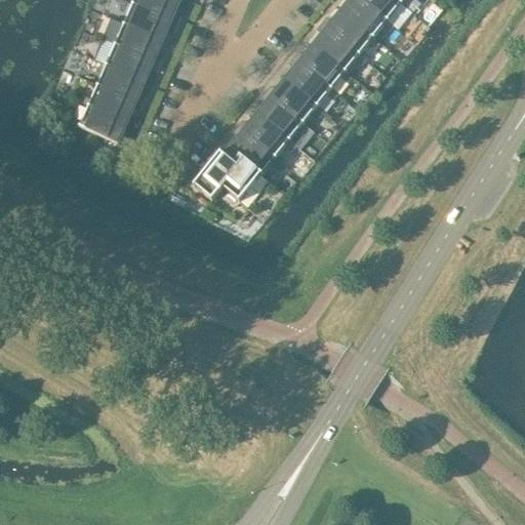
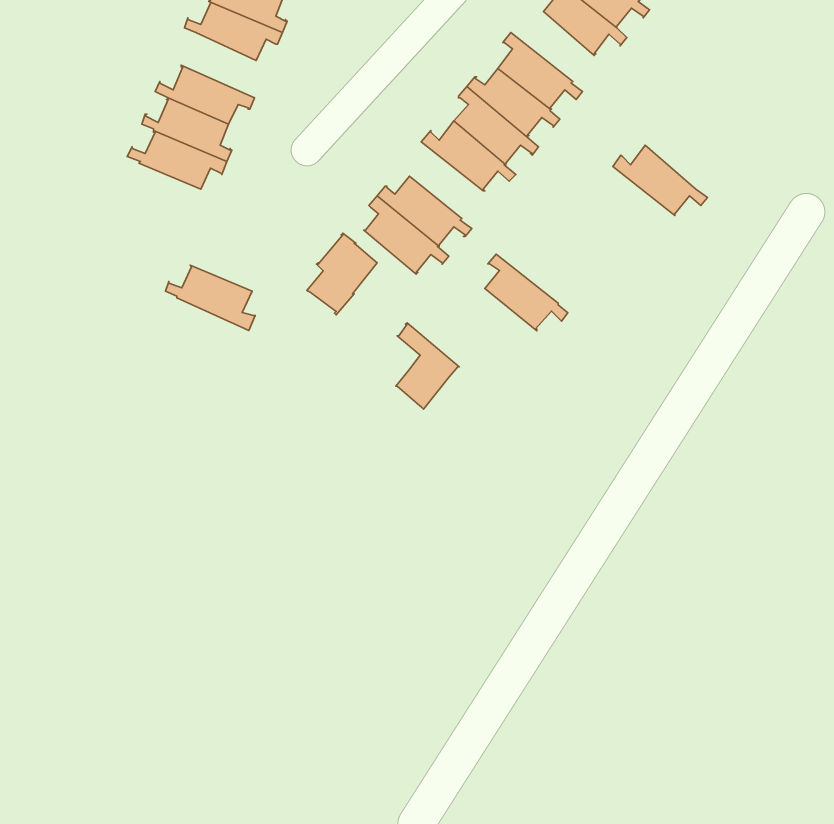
building: [321,7,380,51] -> [613,145,707,215]
building: [107,21,163,62] -> none
building: [257,89,310,137] -> [485,254,568,331]
building: [72,103,128,144] -> [166,265,255,330]
building: [221,145,261,199] -> [396,323,459,409]

